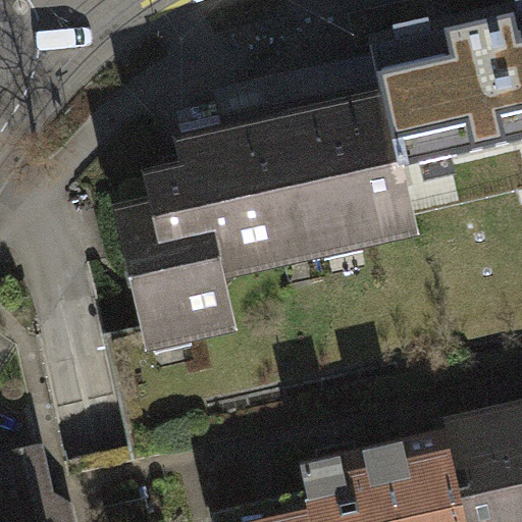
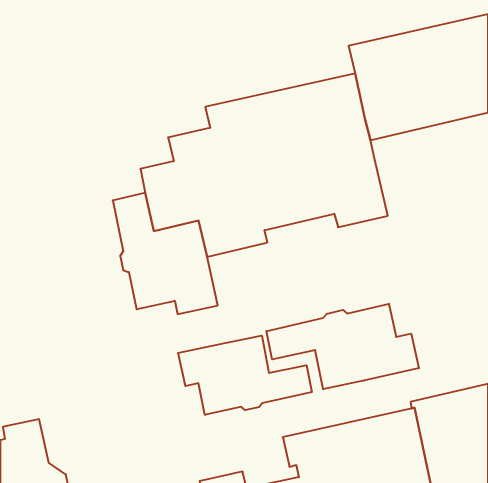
building: none -> [266,304,419,389]
building: none -> [178,336,312,415]

